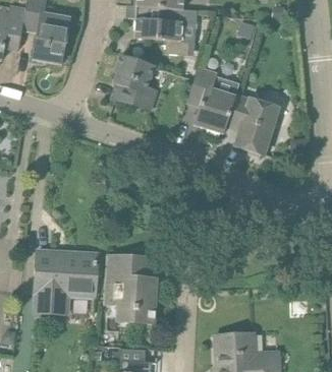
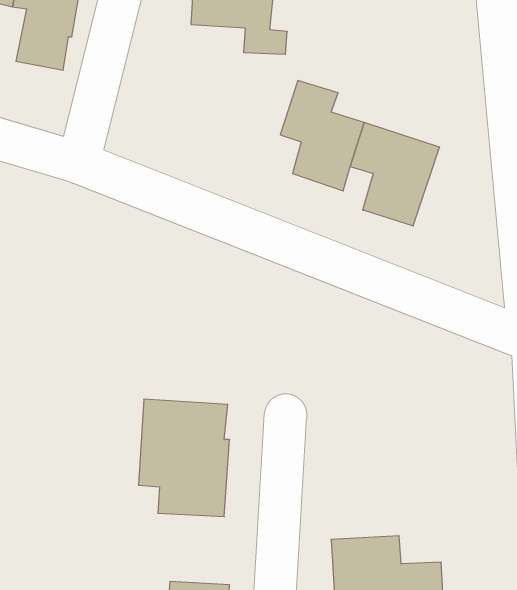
building: [114,55,156,109] -> none
building: [35,250,97,313] -> none

